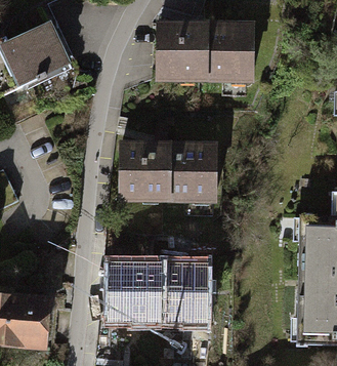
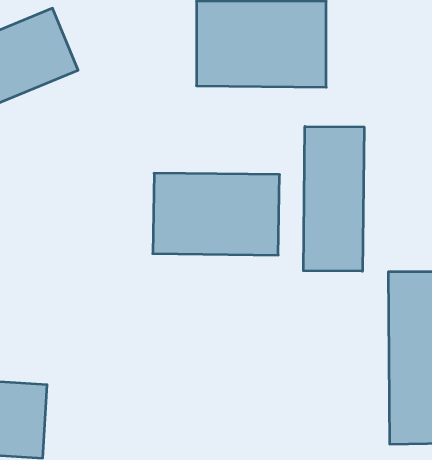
building: none -> [303,126,364,271]
building: [111,262,203,321] -> none

